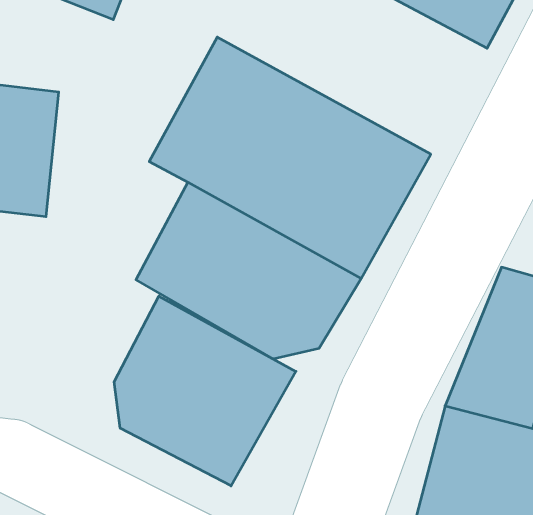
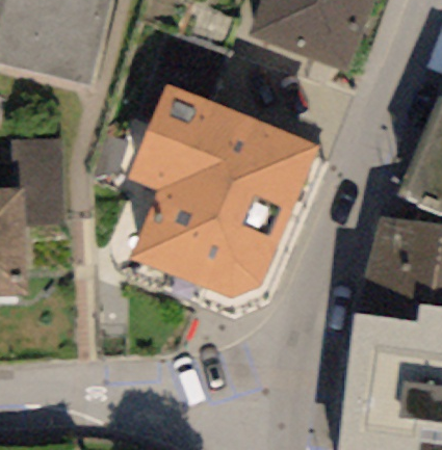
building: [114,296,296,486] -> none

